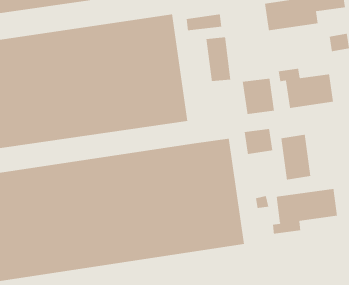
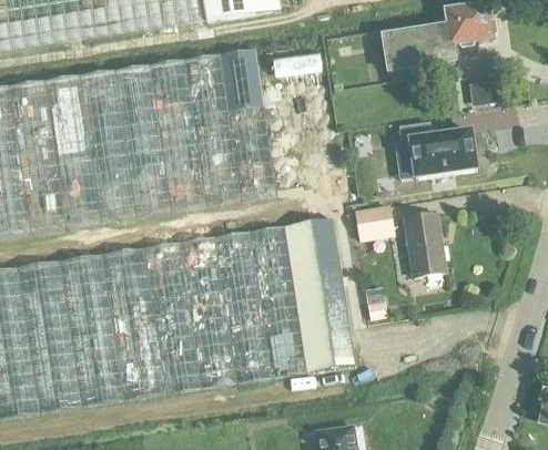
building: [206,37,231,82] -> none
building: [242,78,275,115] -> none
building: [272,188,338,234] -> none

